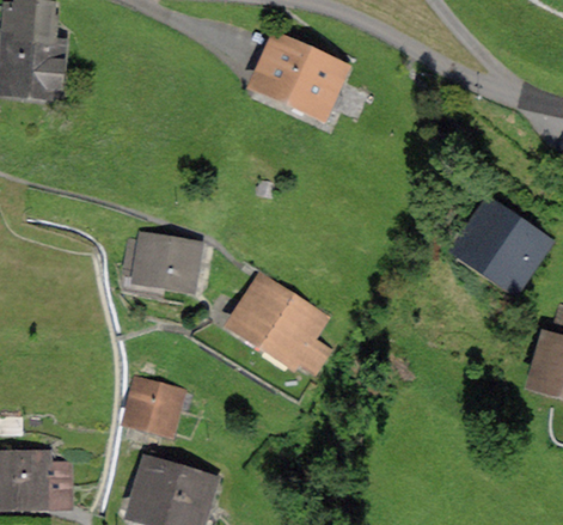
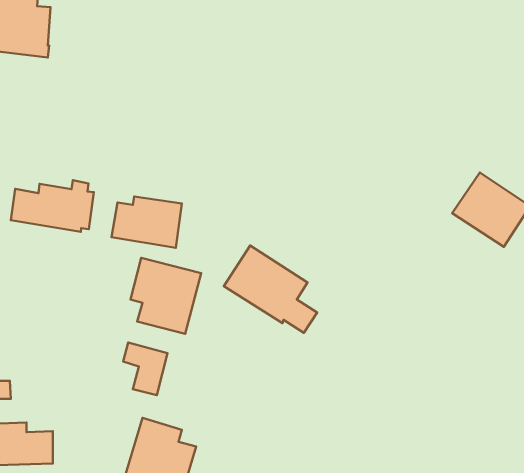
building: [258,44,339,114] -> none
building: none -> [11,180,94,232]
building: none -> [131,258,201,334]

